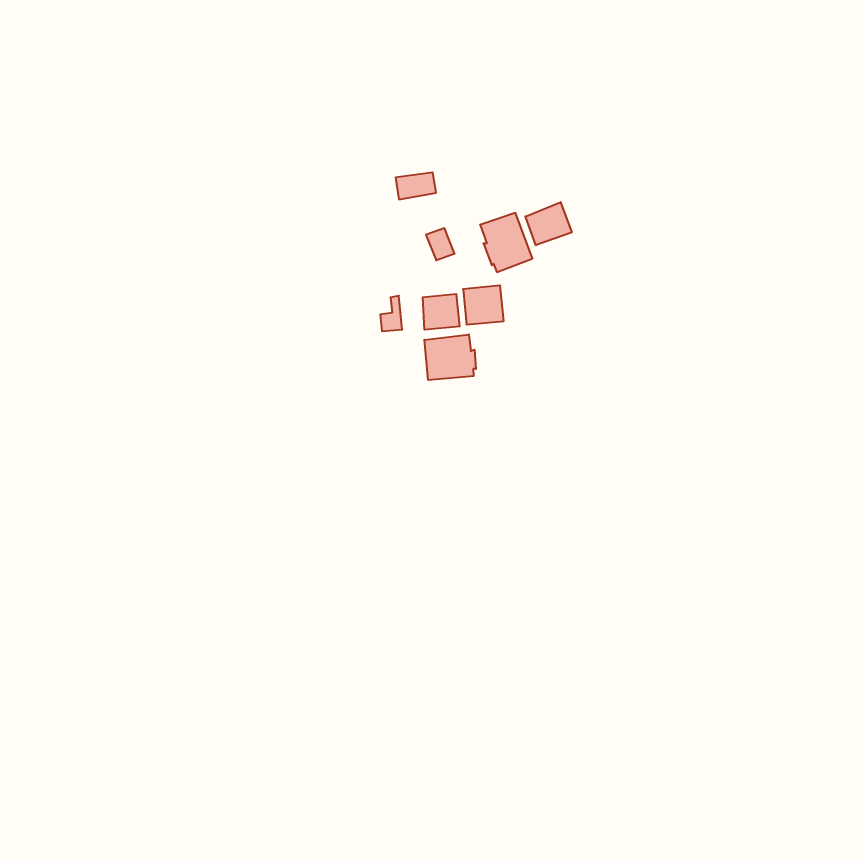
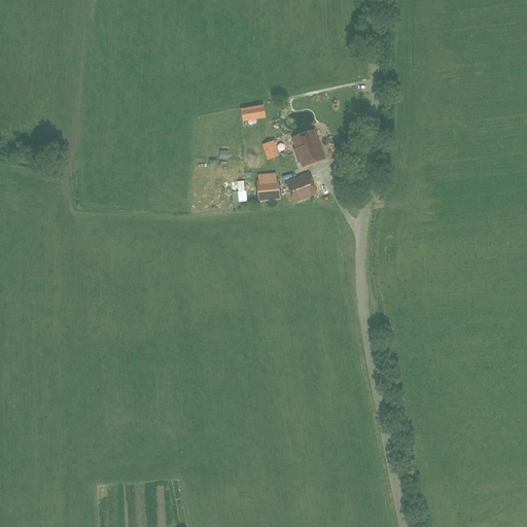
building: [525,202,572,245] -> none
building: [424,334,476,380] -> none

